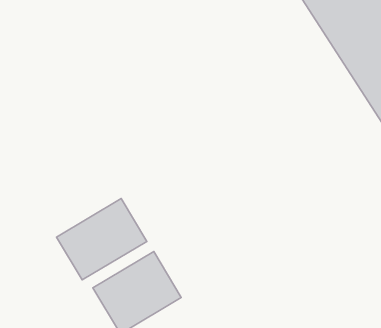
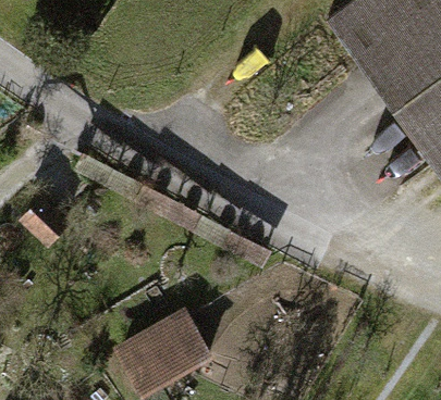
building: [57,198,147,280] -> none

